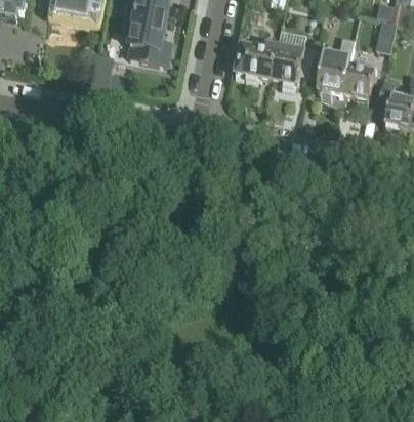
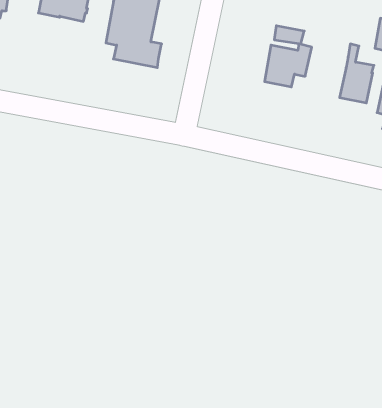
building: [309,36,354,94] -> none
building: [236,37,277,79] -> none

